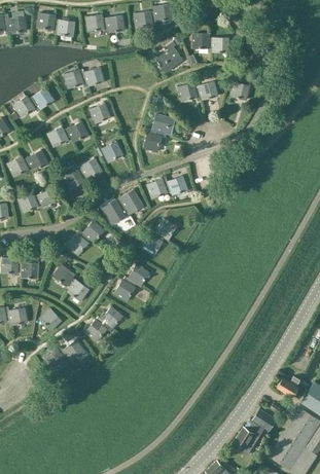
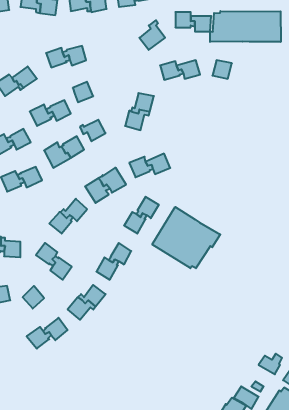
building: none -> [210,11,281,42]
building: none -> [152,207,220,268]

